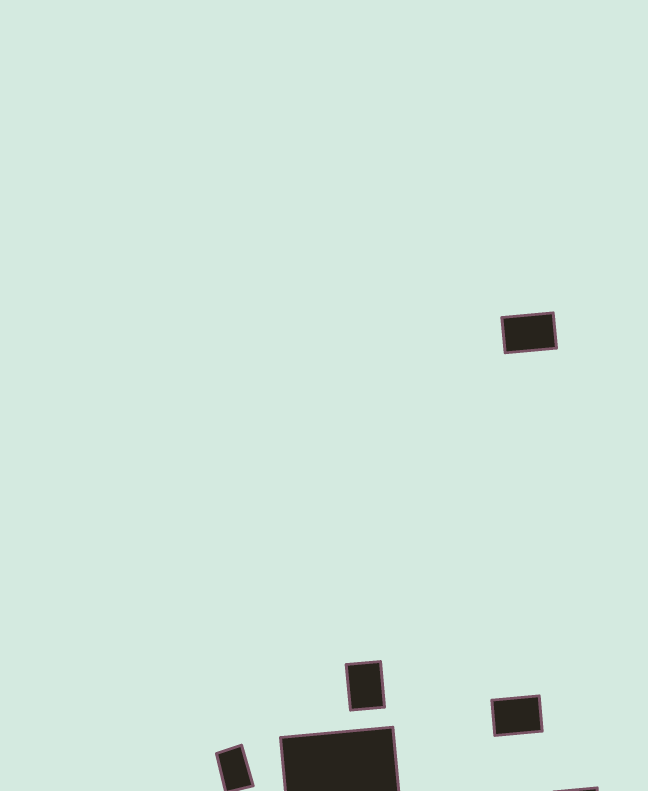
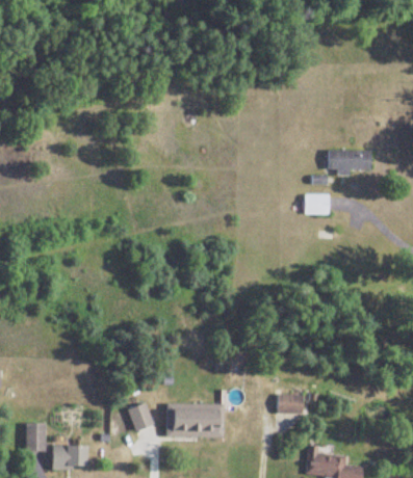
building: none -> [326,150,371,171]
building: [346,661,385,710] -> none

